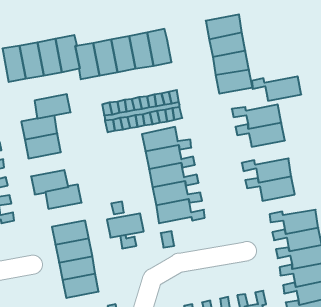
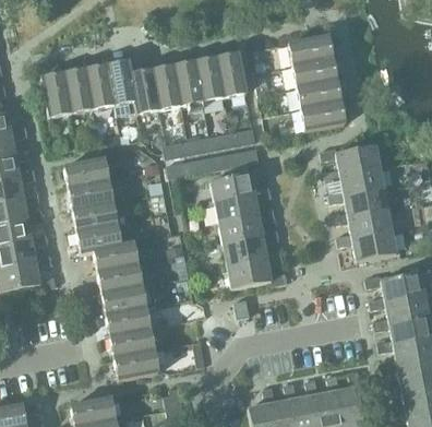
building: [252,76,301,101] -> [328,187,388,216]
building: [35,94,71,119] -> [73,201,117,230]
building: [107,213,144,238] -> [97,262,142,292]

